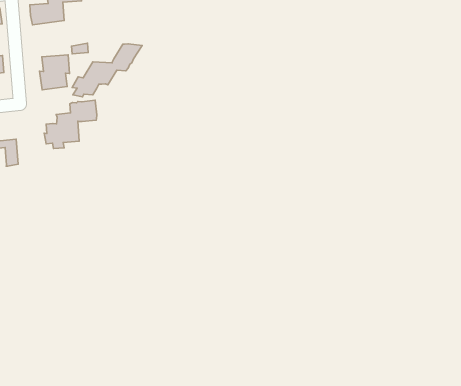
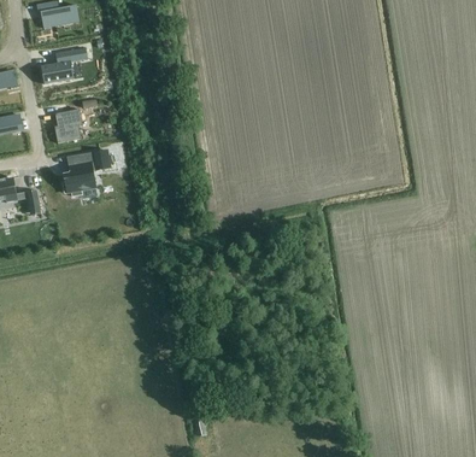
building: [72,44,142,97] -> none

